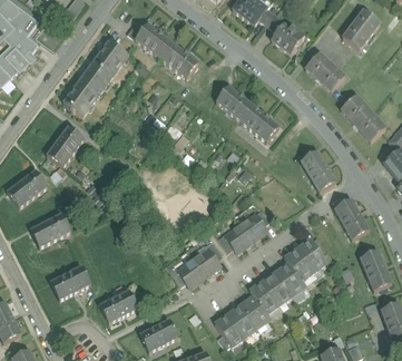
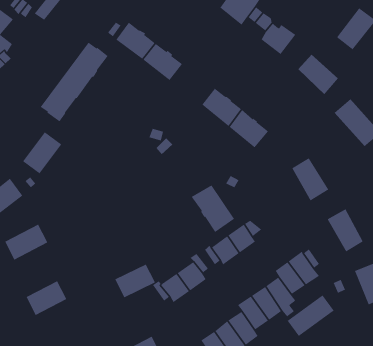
building: none -> [191,185,235,233]
building: none -> [287,295,334,337]
building: [99,289,138,321] -> [114,264,156,298]

